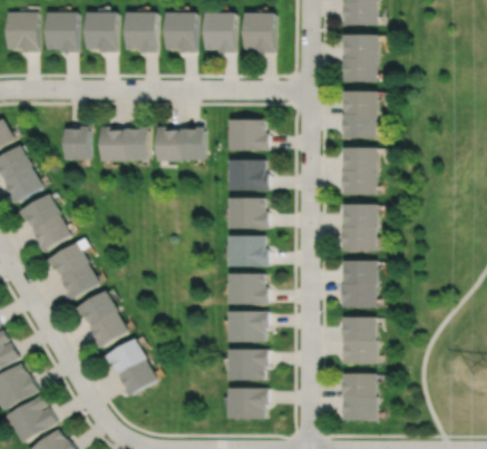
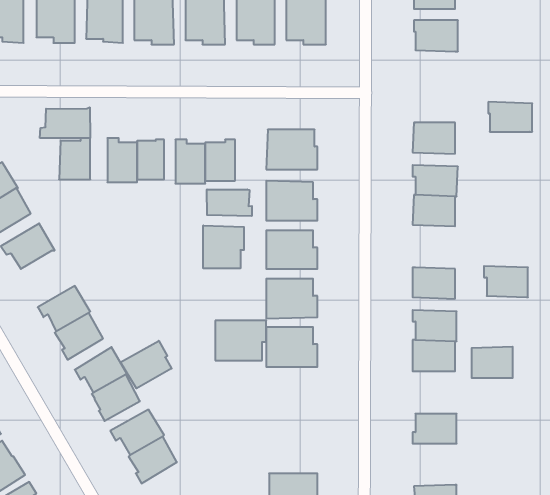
building: [343,57,376,81] -> none
building: [343,90,378,114] -> [488,102,532,132]
building: none -> [40,107,90,138]
building: none -> [207,189,252,216]
building: none -> [203,225,244,268]
building: [342,204,377,228] -> [484,266,528,297]
building: [33,214,71,251] -> none
building: none -> [120,341,172,388]
building: [227,312,267,343] -> [215,321,266,360]
building: [342,318,374,342] -> [472,347,513,378]
building: [231,350,267,381] -> none
building: [342,374,376,399] -> none

